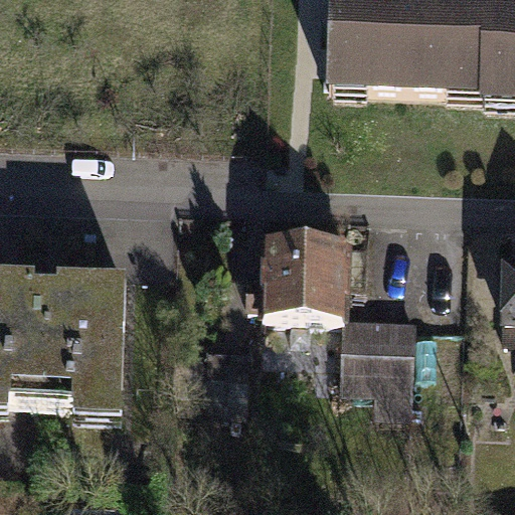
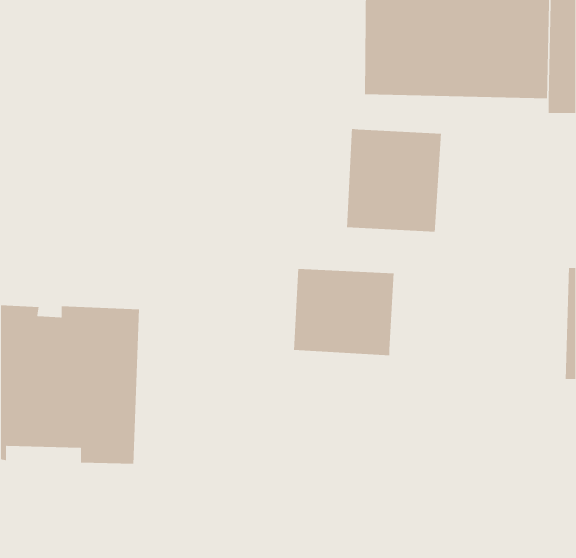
building: none -> [346,128,442,233]
building: [344,312,417,410] -> none

